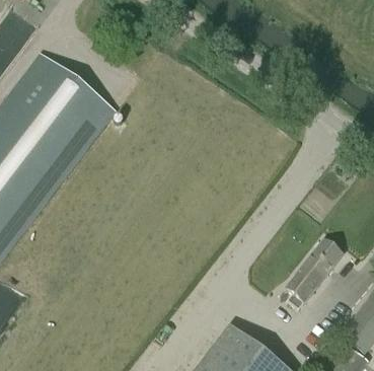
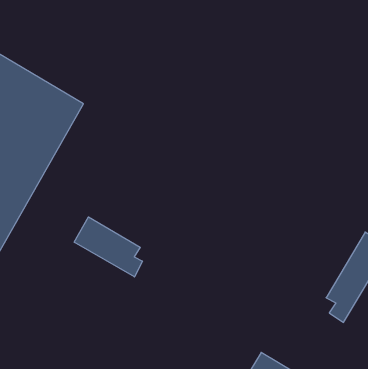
building: none -> [74,217,142,277]

